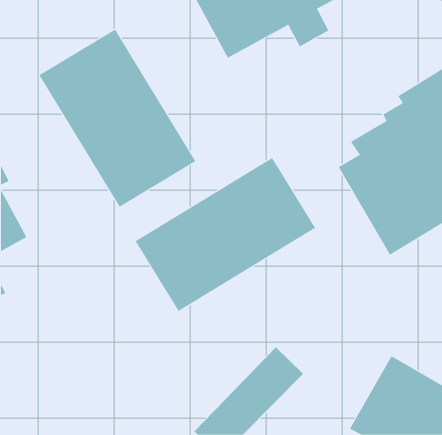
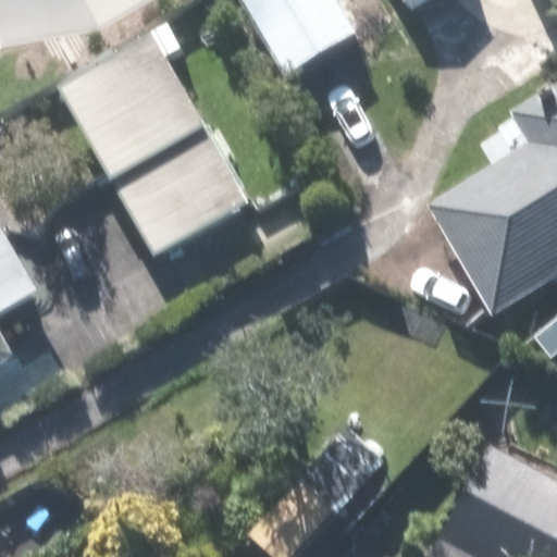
building: [135,157,316,312] -> none

